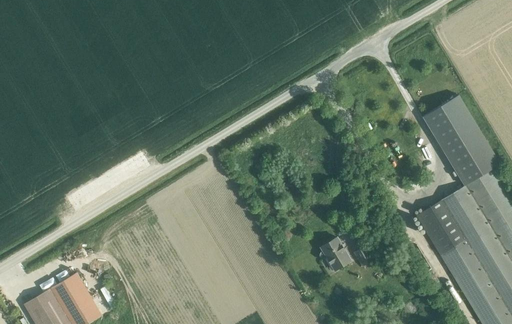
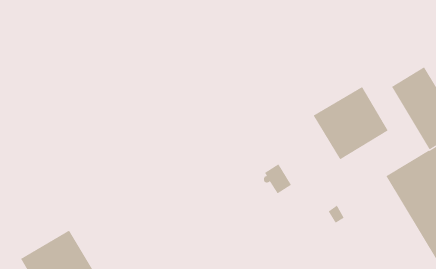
building: none -> [313,86,389,160]
building: [320,238,351,271] -> [263,164,292,194]

